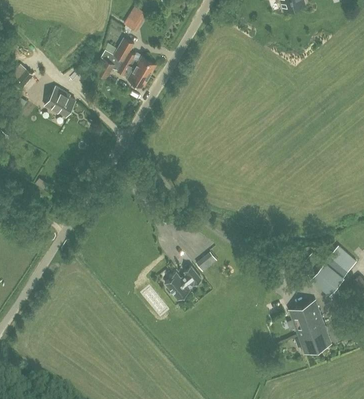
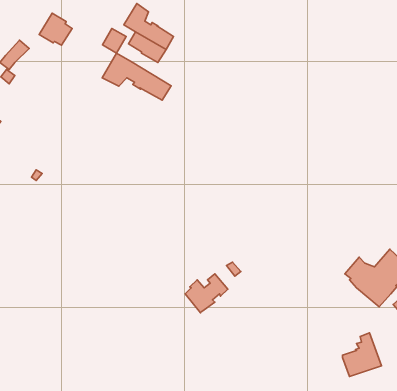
building: none -> [102,53,171,100]
building: [46,88,74,115] -> [39,13,72,45]
building: [289,301,321,335] -> none

